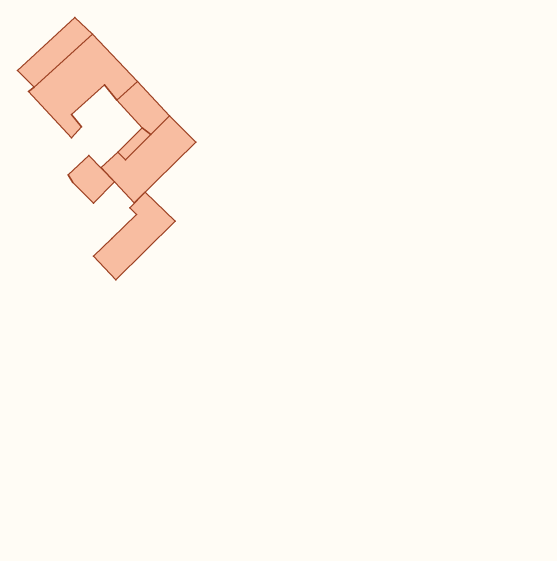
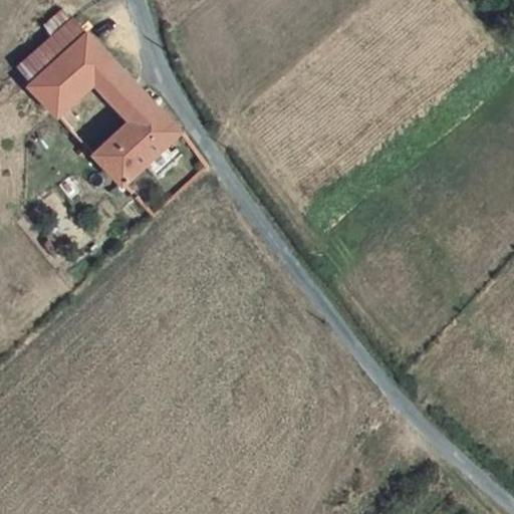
building: [68,156,115,203] -> none
building: [93,192,175,280] -> none

